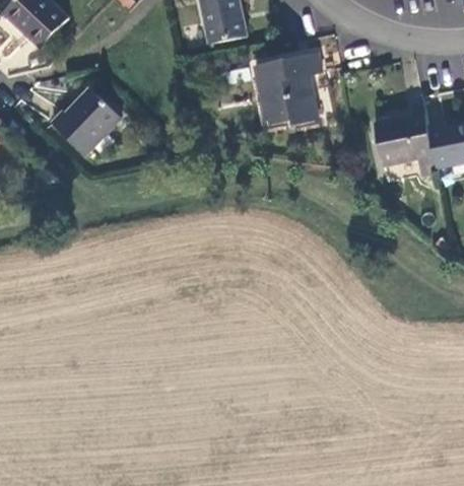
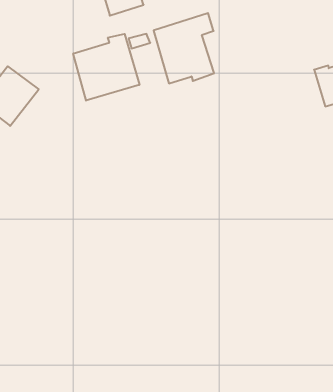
building: none -> [73,34,139,101]
building: [374,113,437,176] -> none

